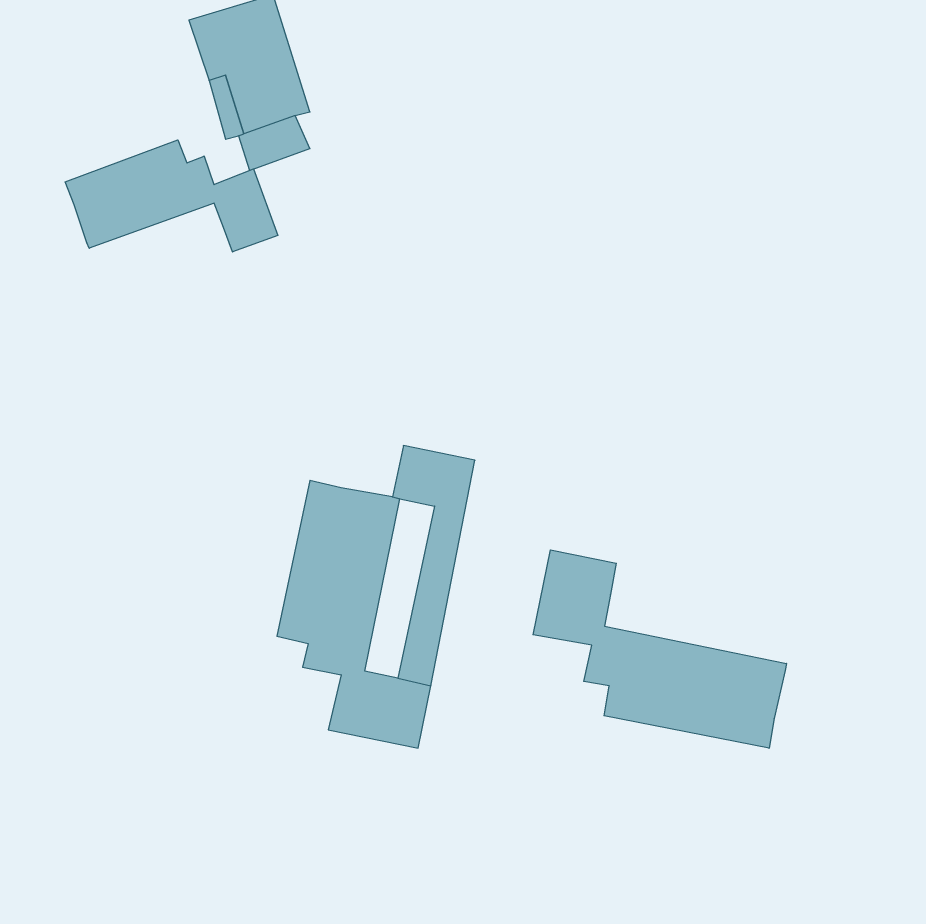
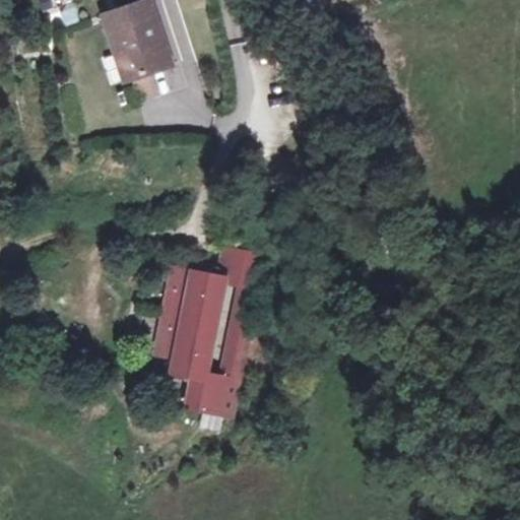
building: [65,140,278,252] -> none
building: [533,550,786,748] -> none

